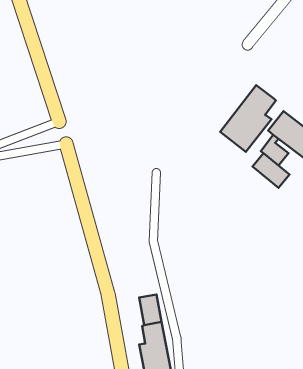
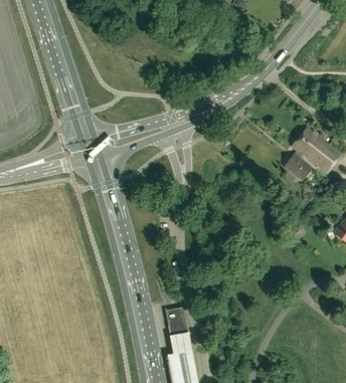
building: [220,85,276,152] -> none
building: [252,153,289,188] -> none

